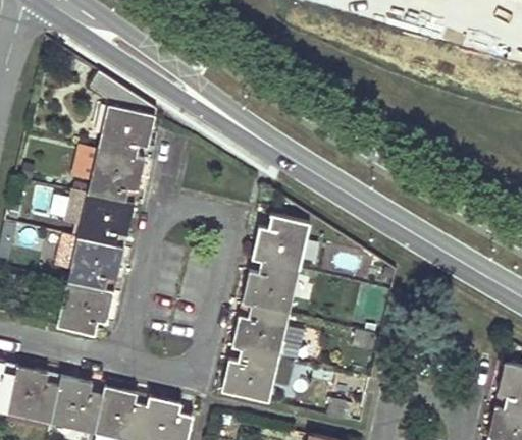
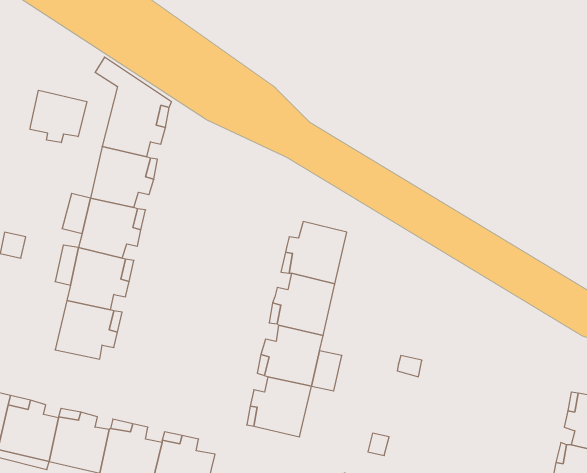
building: none -> [30,90,87,143]

